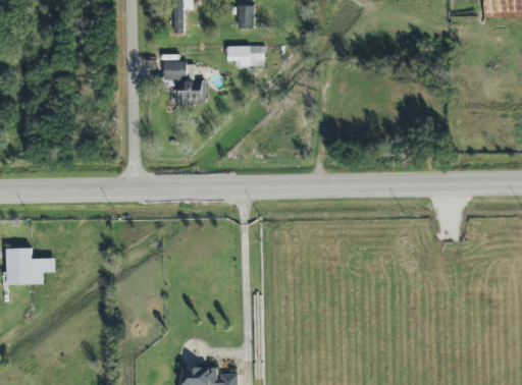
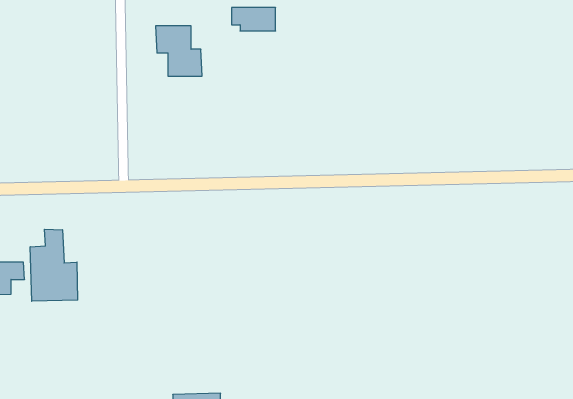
building: none -> [30,229,78,301]

